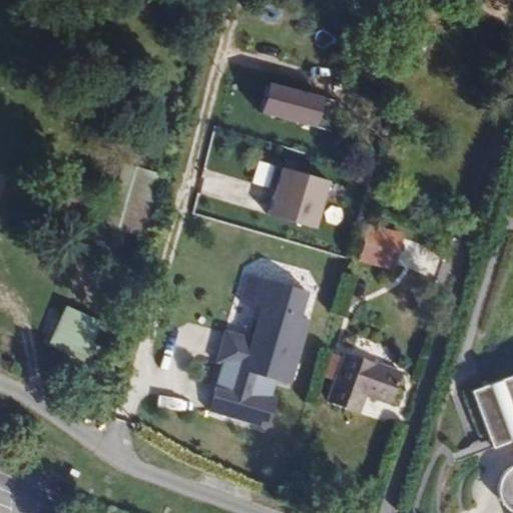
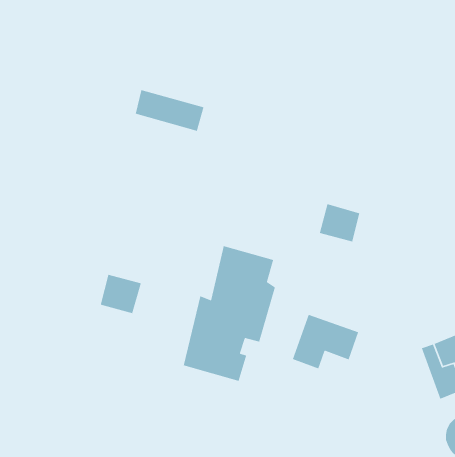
building: [256,81,335,129] -> [135,89,205,132]
building: [270,165,331,226] -> none
building: [50,311,97,356] -> [100,274,142,314]

